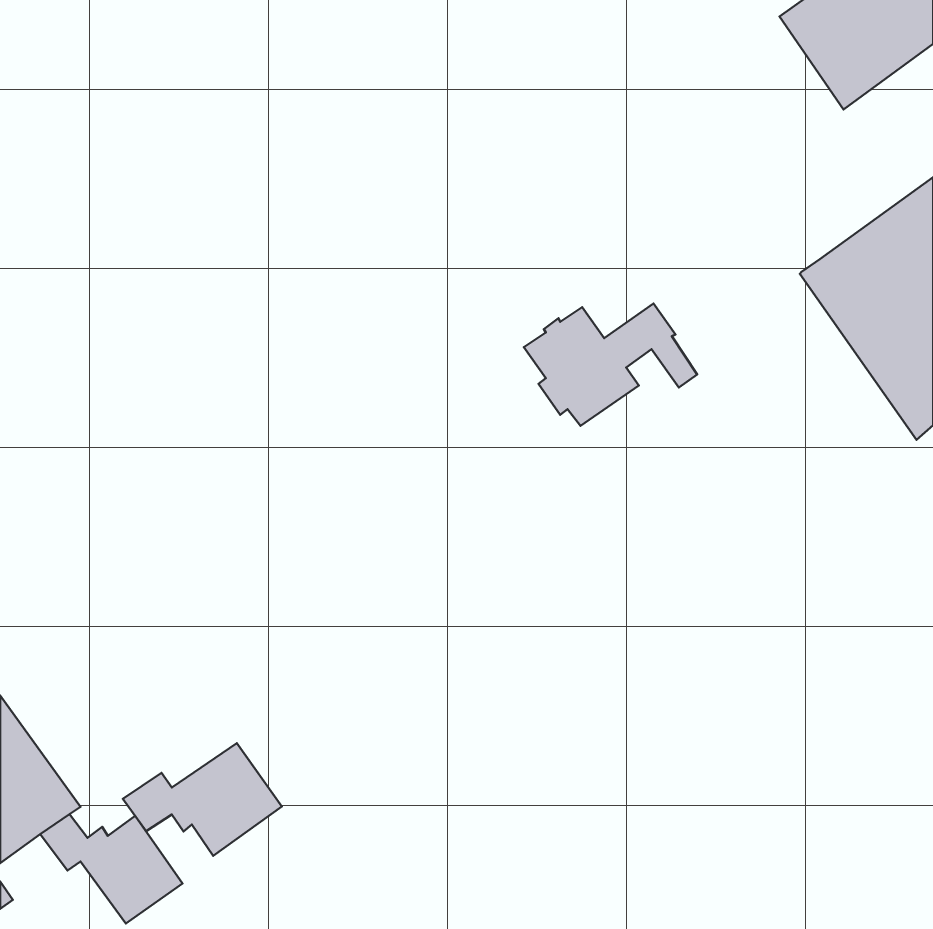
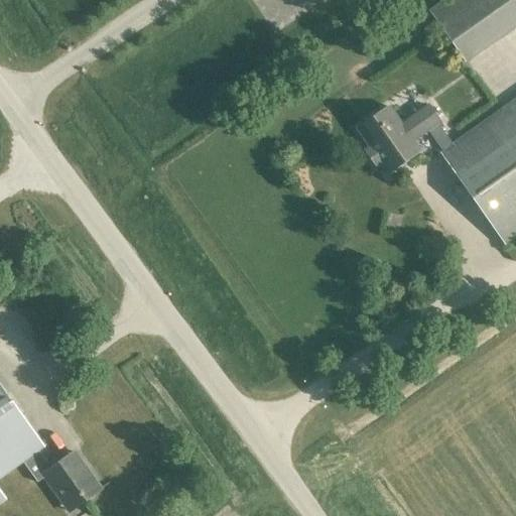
building: [524,303,697,426] -> [357,104,453,171]
building: [123,743,282,856] -> none

